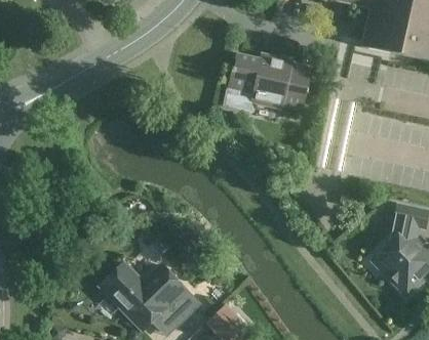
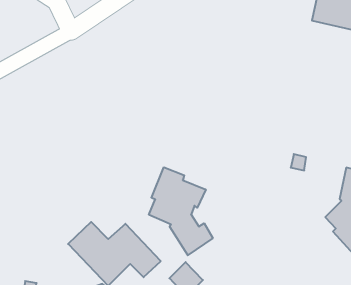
building: [228,53,312,110] -> none
building: none -> [149,167,213,255]

